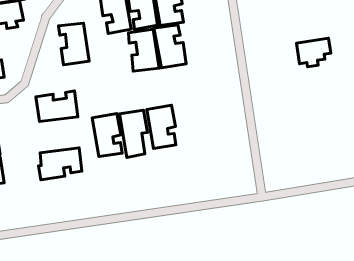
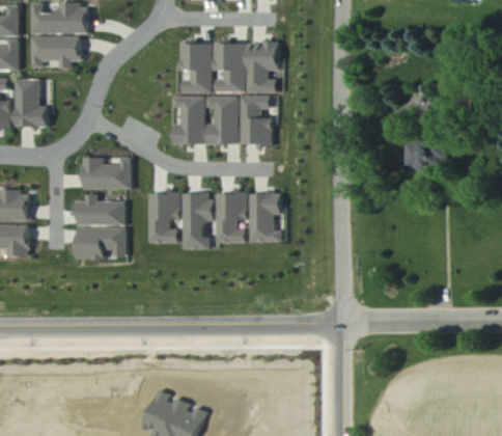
building: [58,23,89,65] -> [173,96,205,144]
building: none -> [250,193,281,241]
building: none -> [76,193,124,225]

